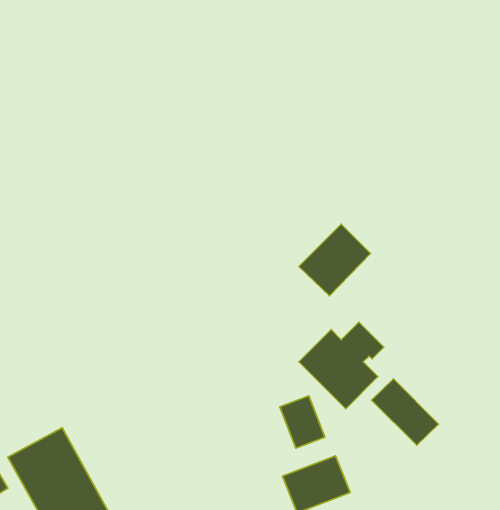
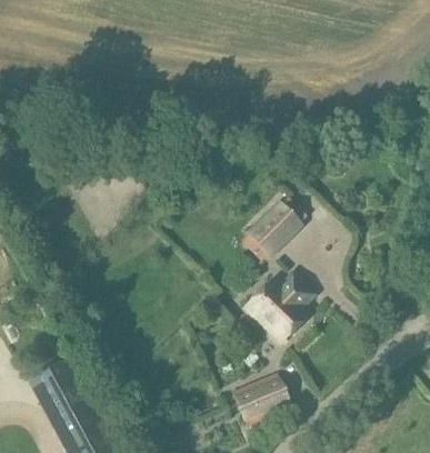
building: [371,379,439,445] -> none
building: [280,396,325,448] -> none

